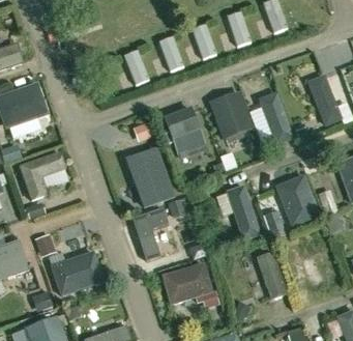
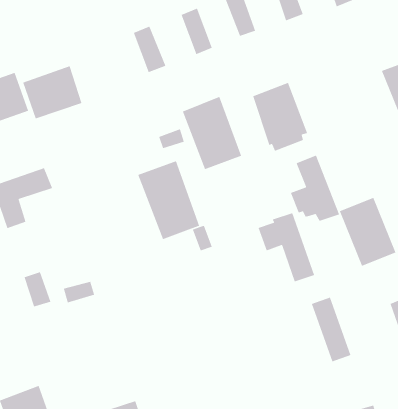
building: none -> [22,65,82,120]
building: [256,93,293,143] -> [290,154,340,222]
building: [134,208,170,262] -> none
building: [51,252,102,294] -> none
building: [164,263,211,303] -> none

